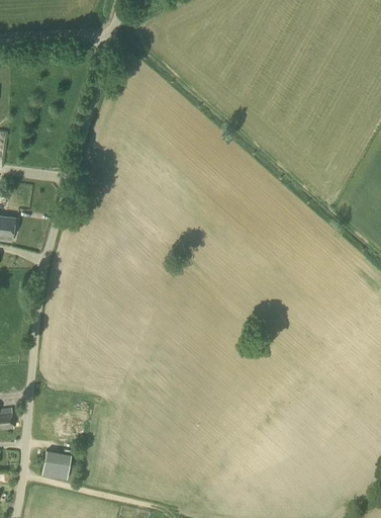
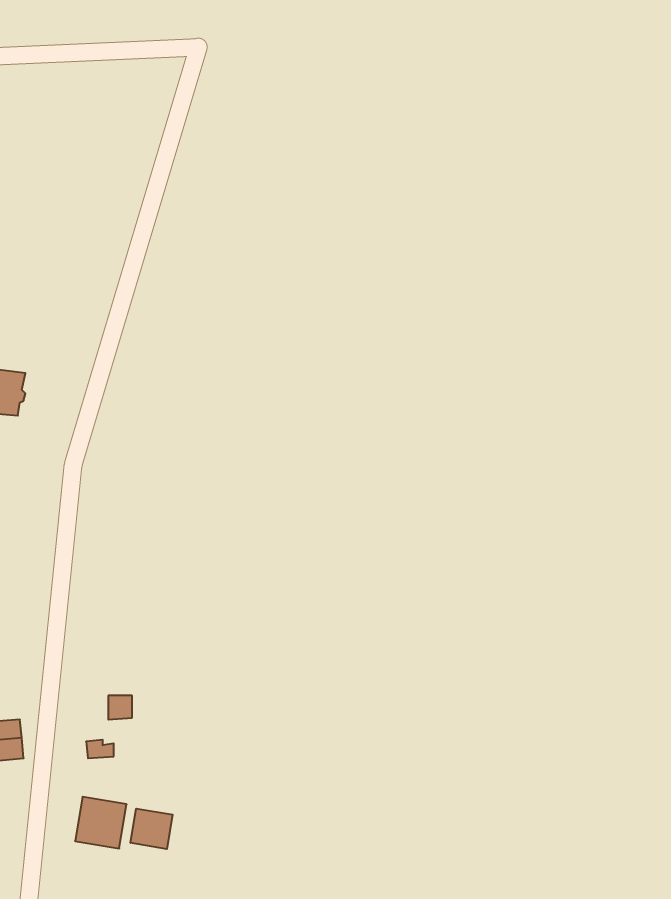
building: none -> [131,809,173,849]

